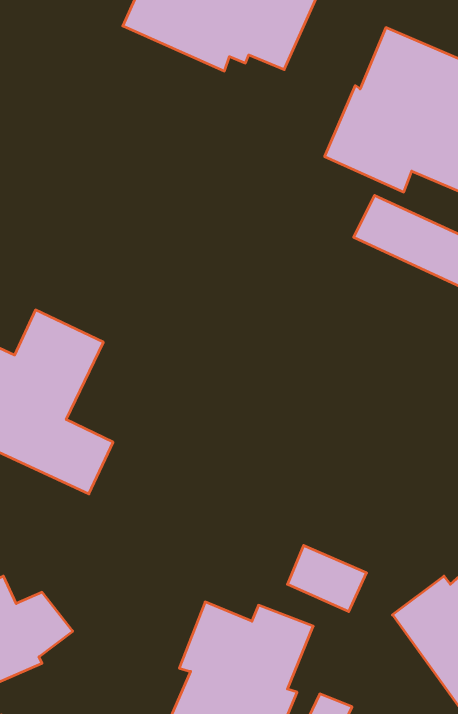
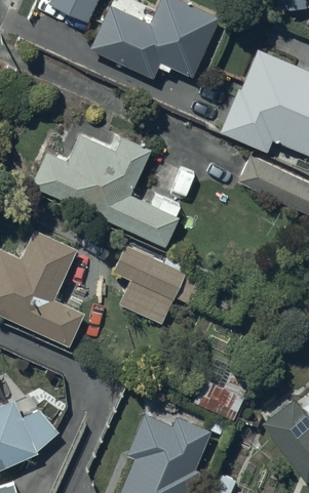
building: none -> [30,135,181,247]
building: none -> [112,244,207,326]

